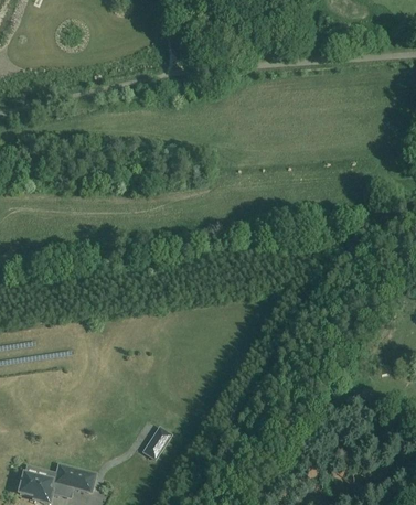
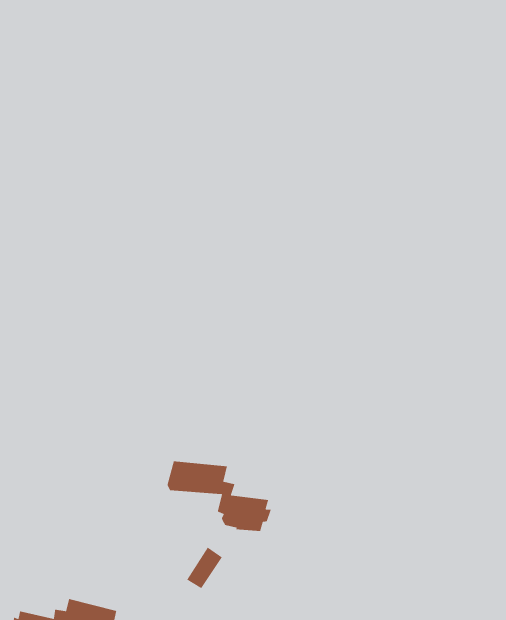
building: none -> [167,460,272,532]

